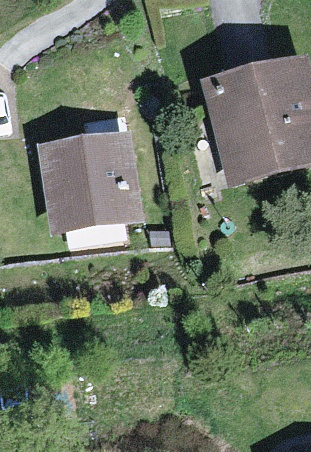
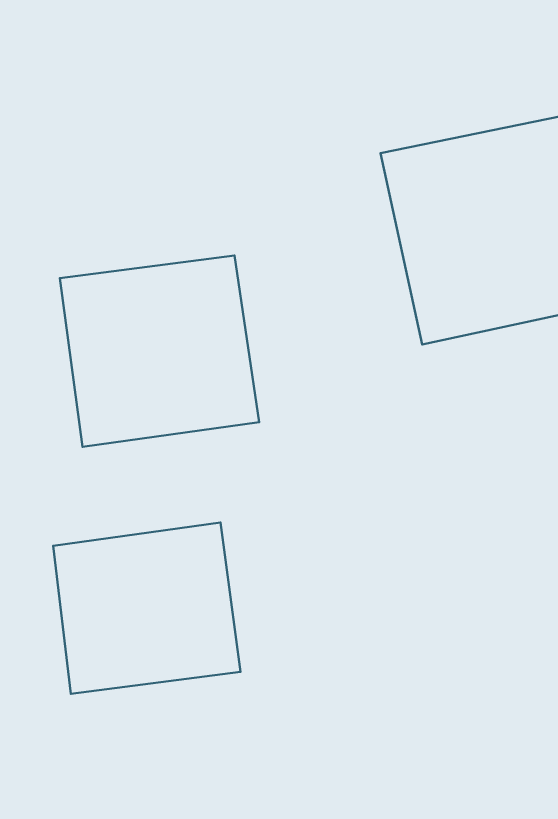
building: none -> [53,523,241,694]

